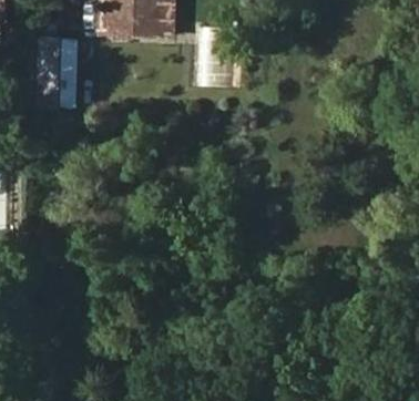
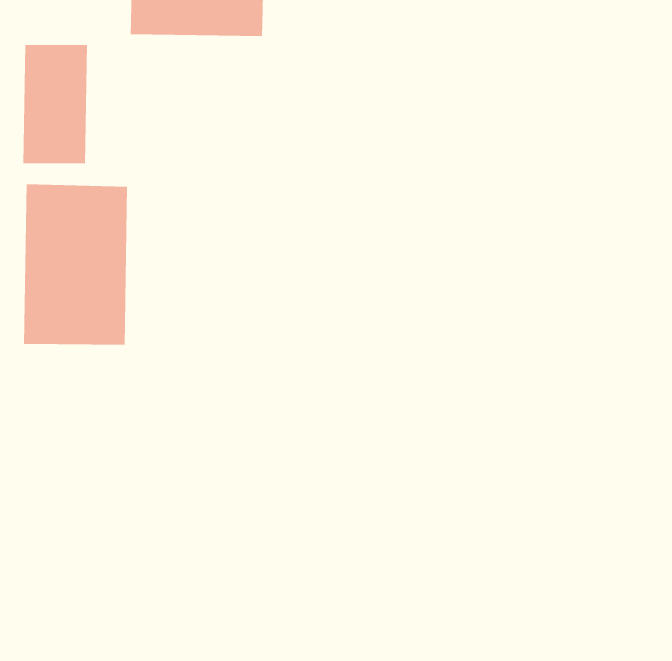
building: none -> [24,183,128,346]

